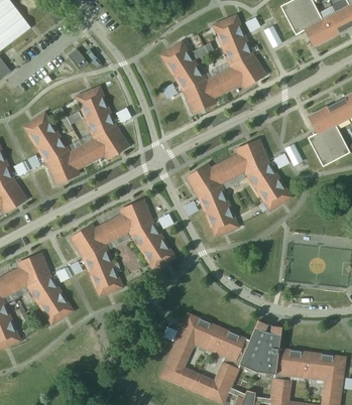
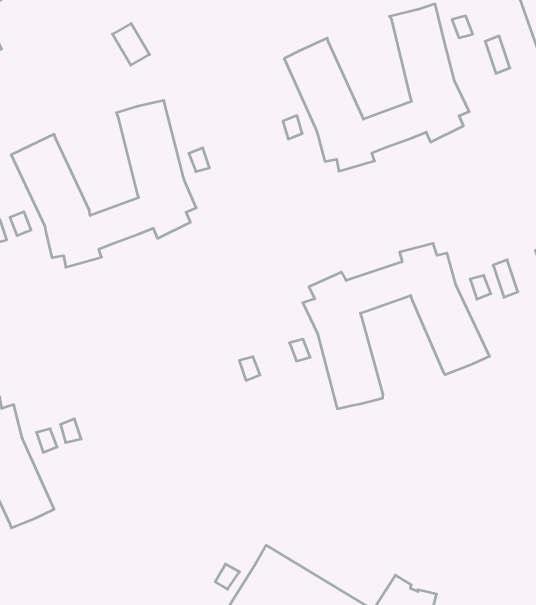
building: [74,202,175,297] -> none

